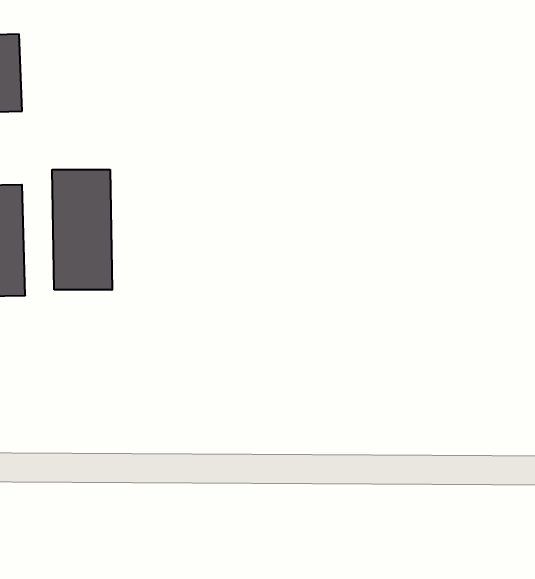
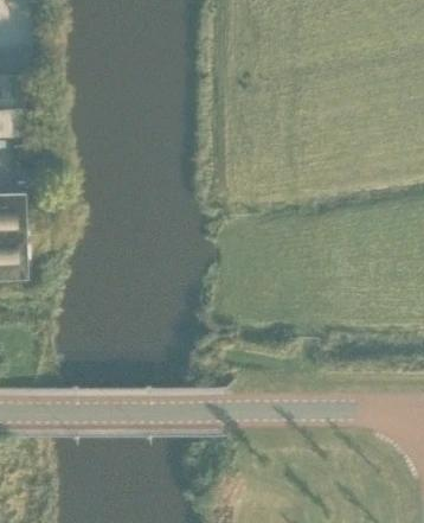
building: [52,170,112,290] -> none

